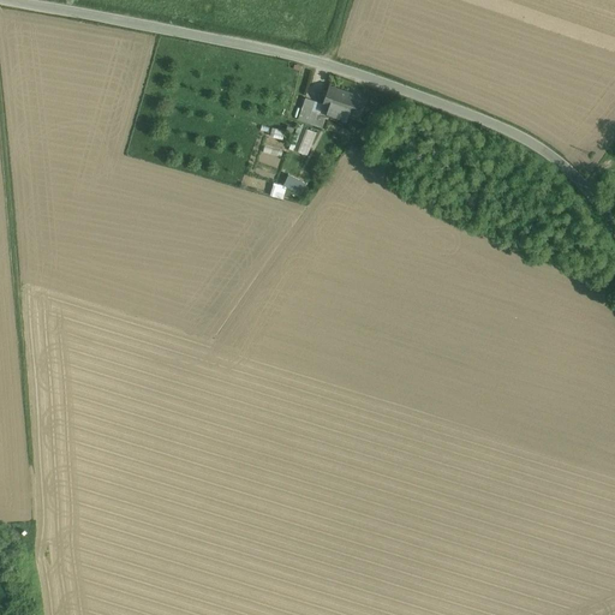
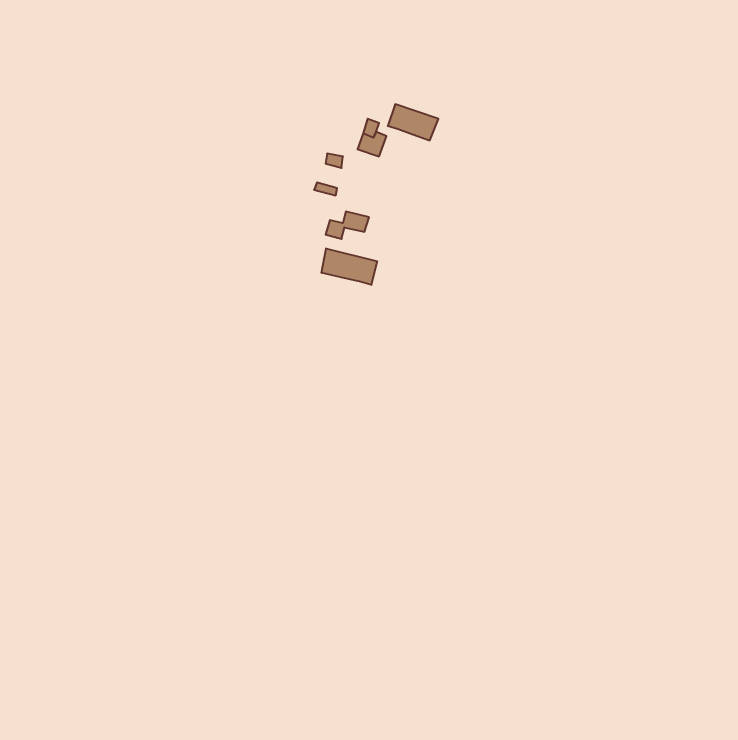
building: none -> [322,248,377,285]

